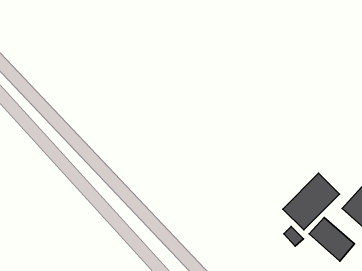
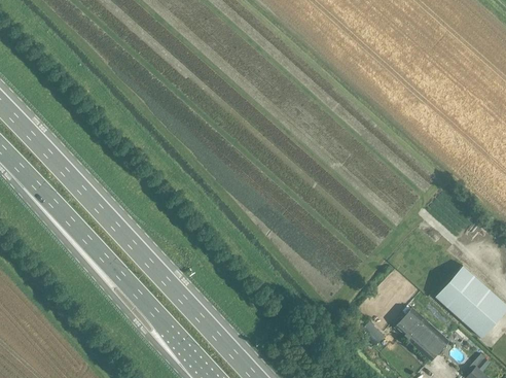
building: [283,173,340,230] -> none

